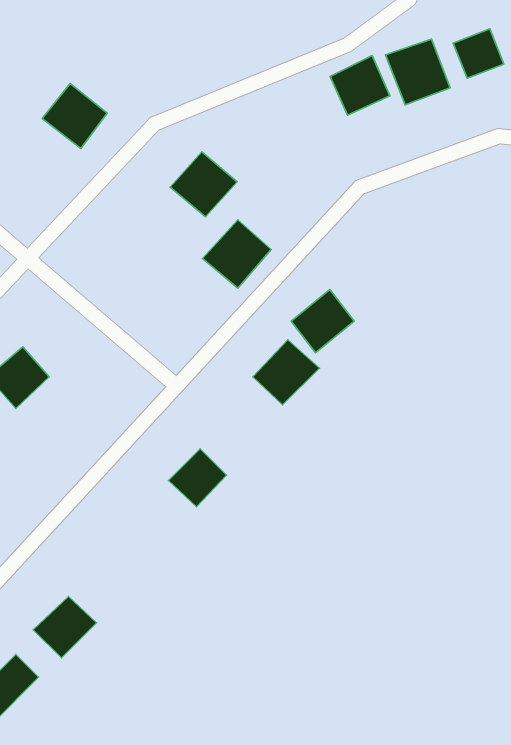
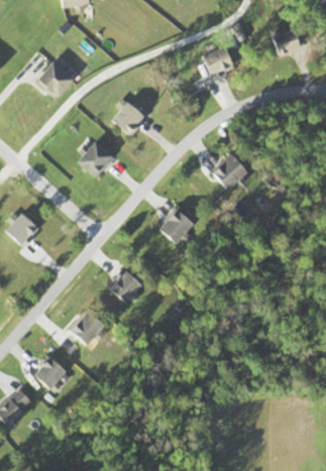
building: [385,39,450,105] -> none
building: [203,220,271,288] -> [75,138,114,178]
building: [291,290,354,353] -> [211,154,247,191]
building: none -> [69,308,105,344]

